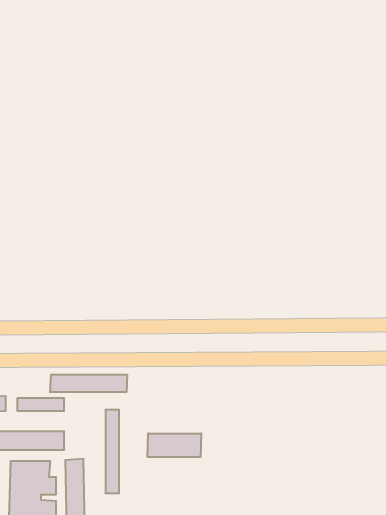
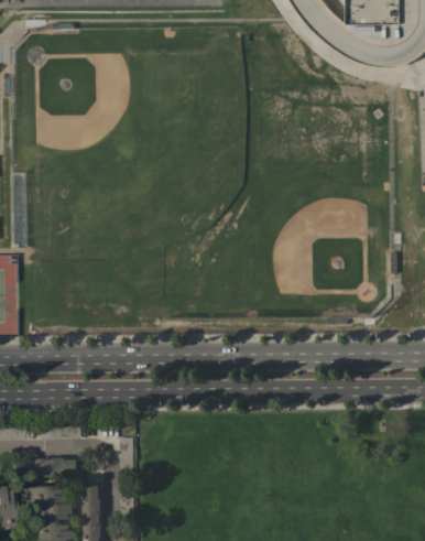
building: [50,375,127,392] -> none
building: [147,433,201,457] -> none

